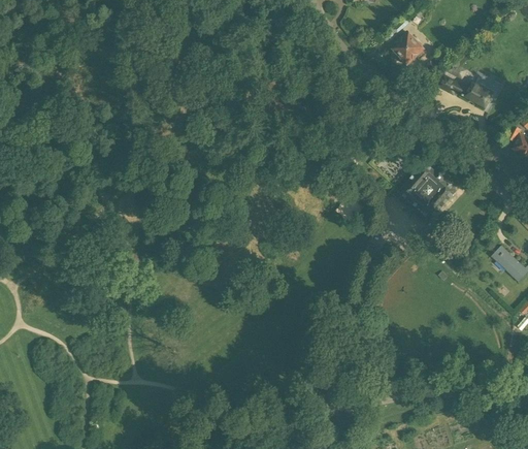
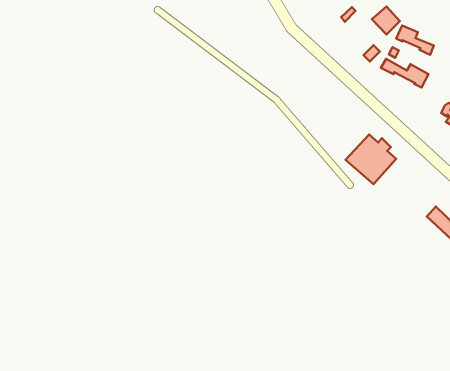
building: [392,32,424,64] -> [372,7,400,35]
building: none -> [396,25,434,55]

